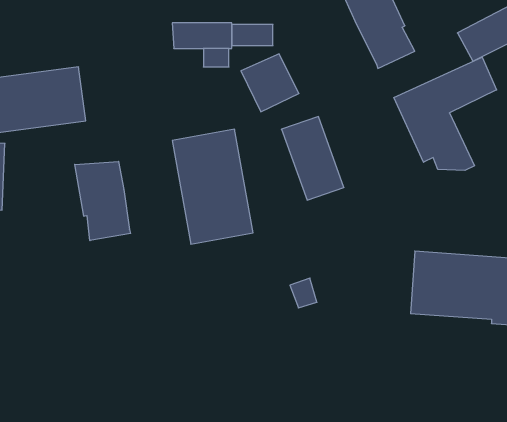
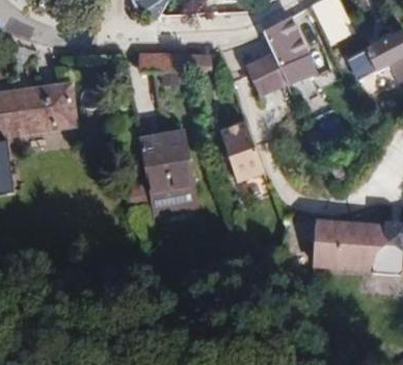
building: [241,54,299,112] -> [245,53,288,96]
building: [394,57,497,170] -> none
building: [75,161,131,241] -> none

